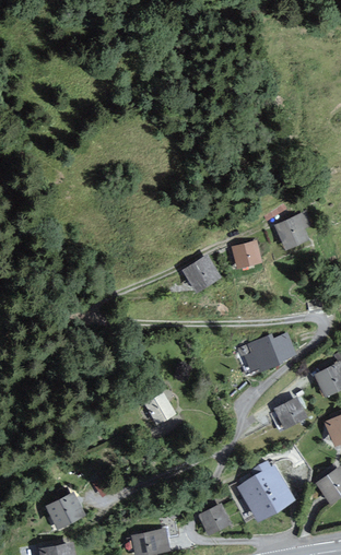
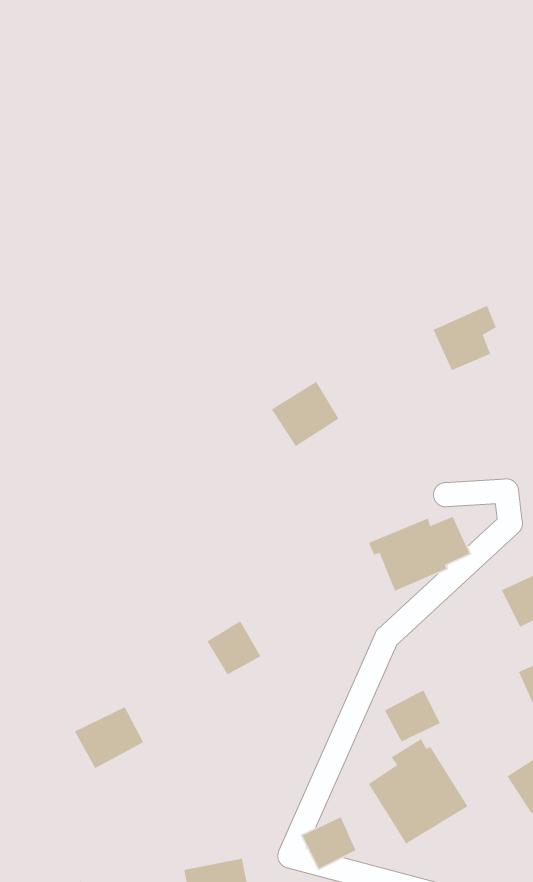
building: [231,239,262,268] -> none
building: [274,398,307,428] -> [384,689,441,743]
building: [45,493,85,529] -> [74,706,144,769]

